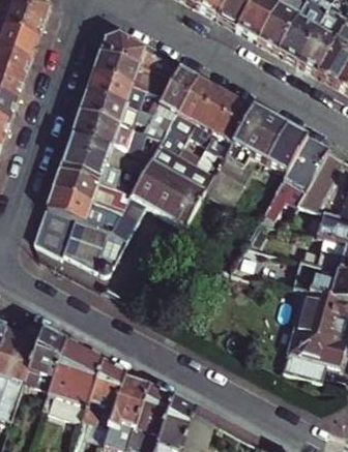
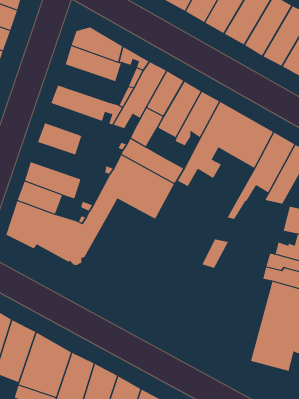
building: [87,68,146,107] -> none
building: [74,108,134,146] -> none
building: [59,147,116,184] -> none

